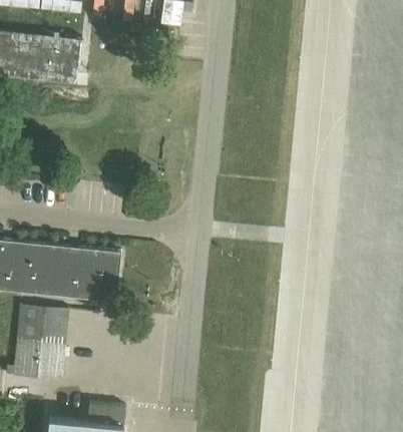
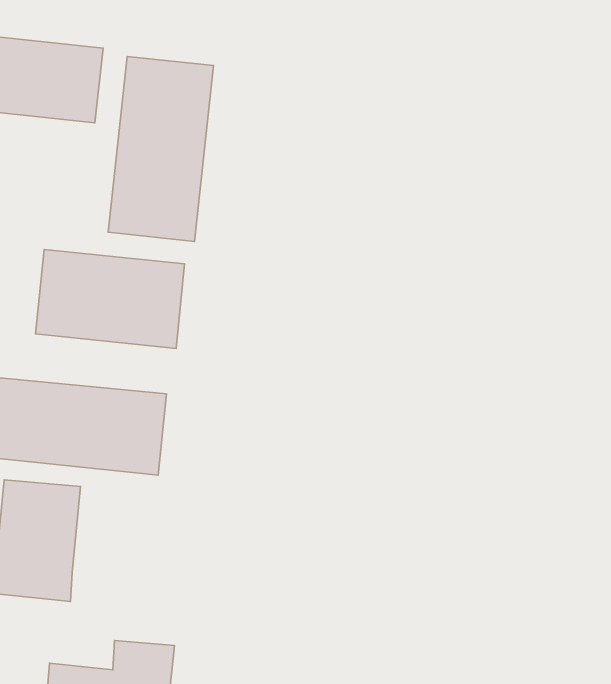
building: none -> [108,56,214,241]
building: none -> [36,249,185,348]

